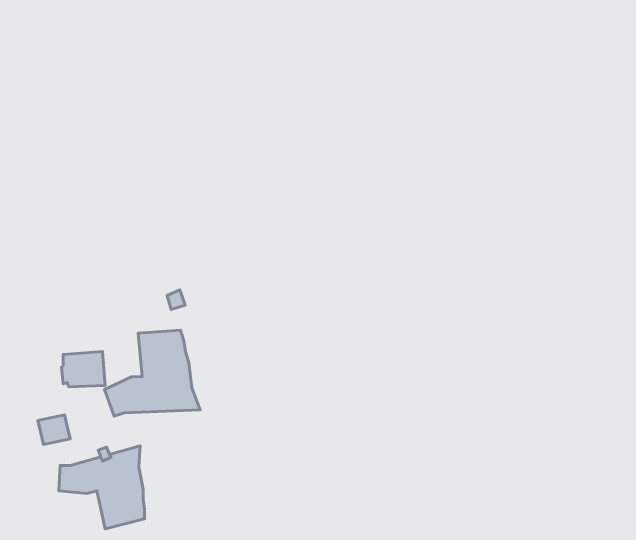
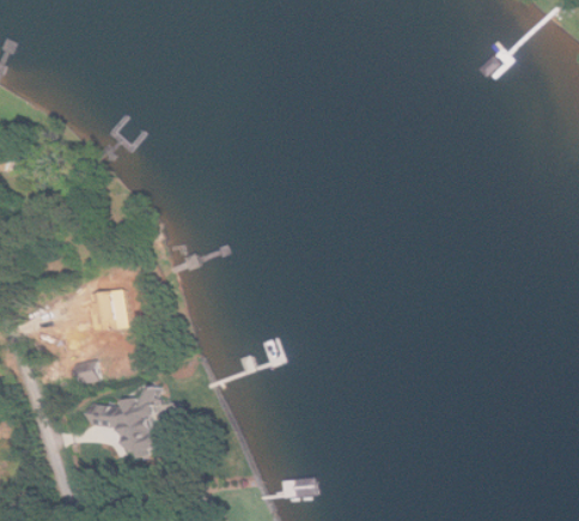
building: [105,330,200,416] -> none

